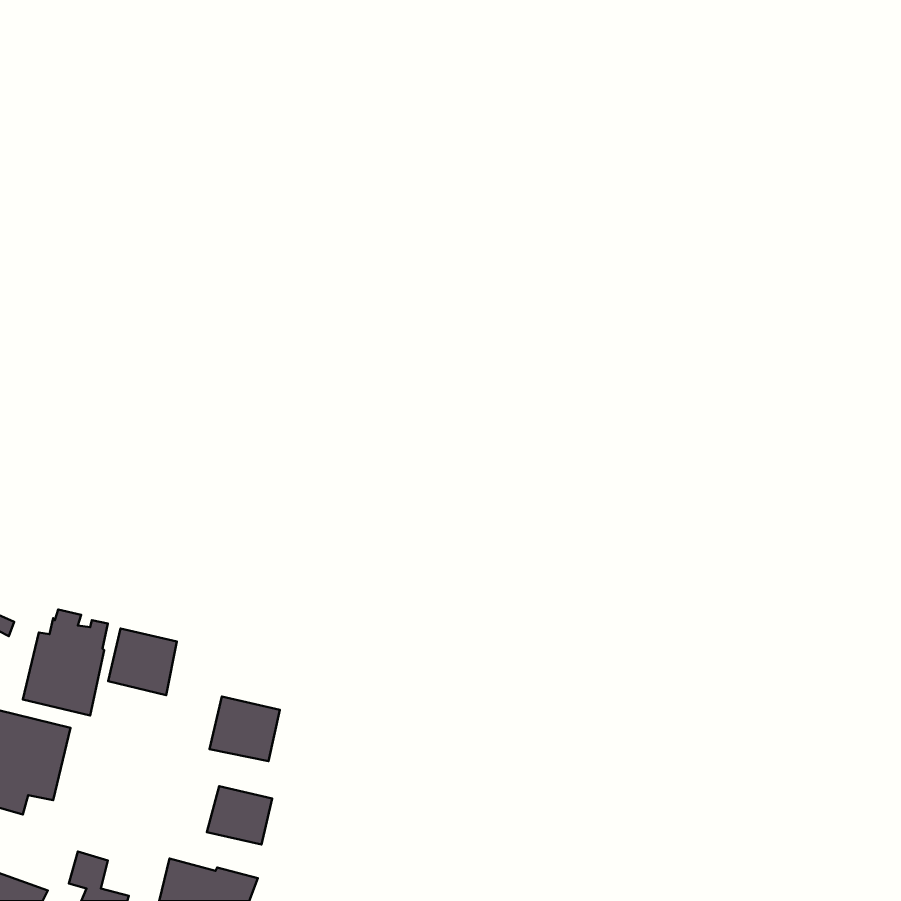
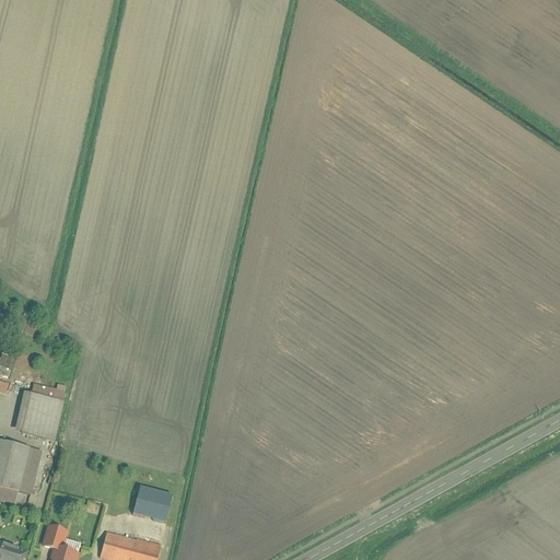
building: [108,628,177,695] -> none
building: [210,697,280,761] -> none

